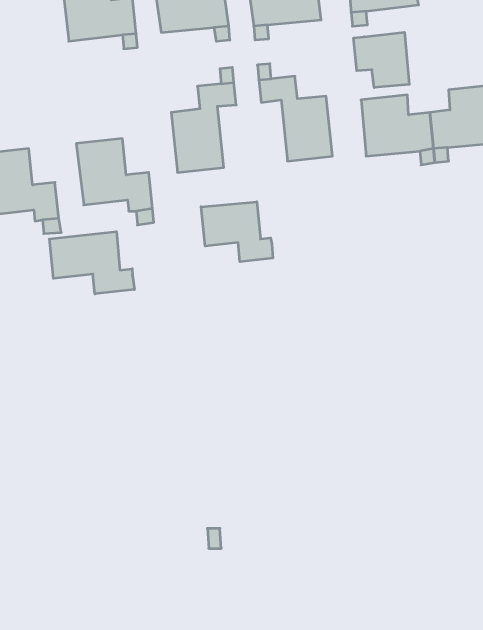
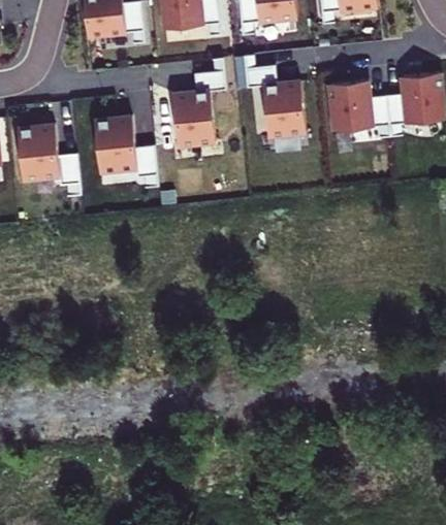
building: [354,32,409,88] -> none
building: [201,202,273,262] -> none
building: [49,232,134,294] -> none

